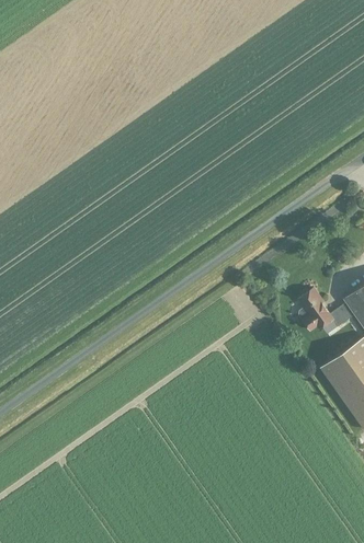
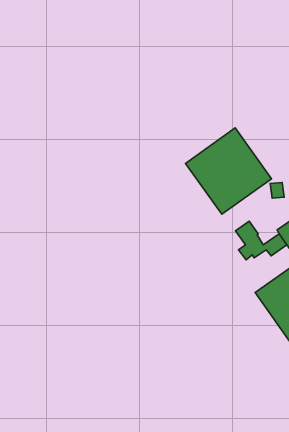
building: none -> [185,128,271,214]

